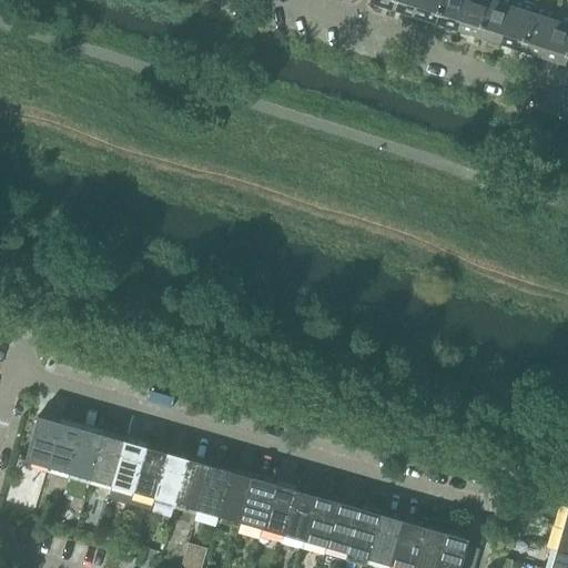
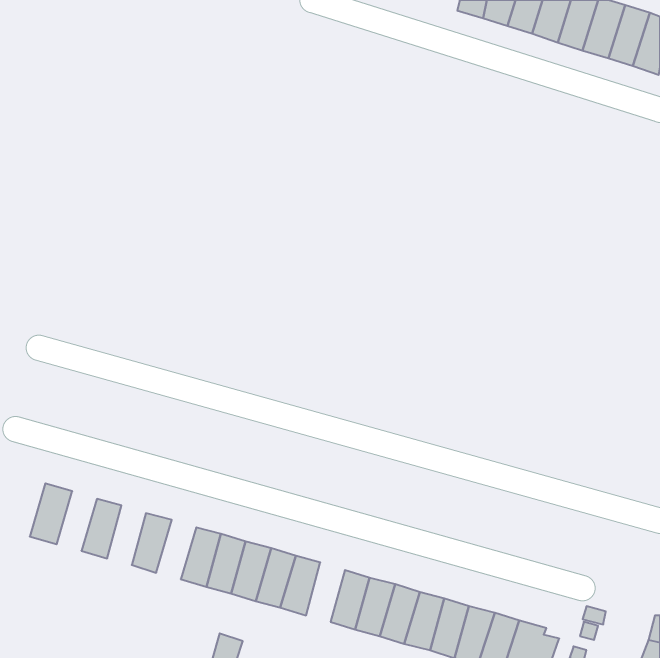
building: [49,424,83,475] -> none
building: [92,436,125,487] -> none
building: [134,448,169,499] -> none
building: [263,485,296,536] -> none

